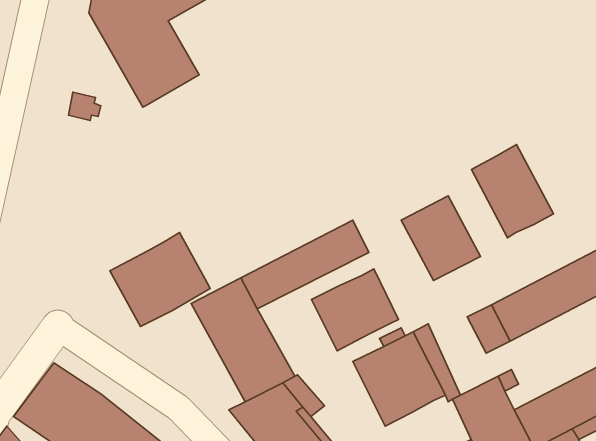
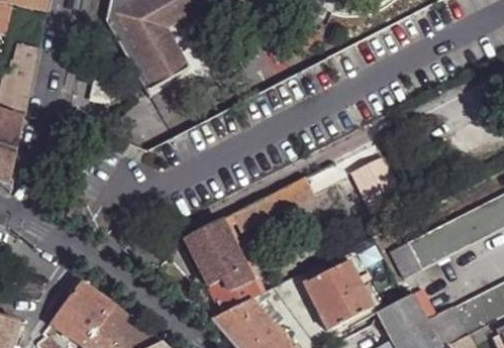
building: [471,145,553,238] -> none
building: [110,233,210,327] -> none
building: [312,269,398,351] -> none

